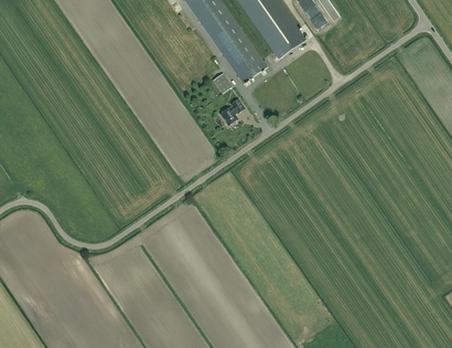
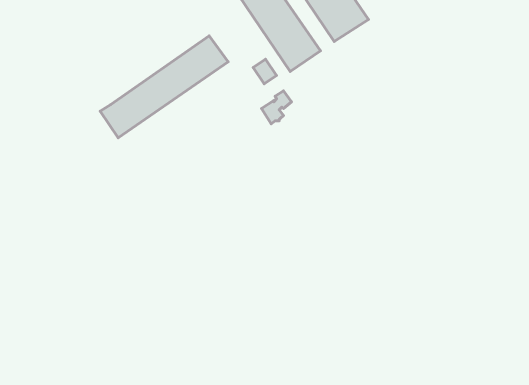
building: none -> [100,36,228,138]

